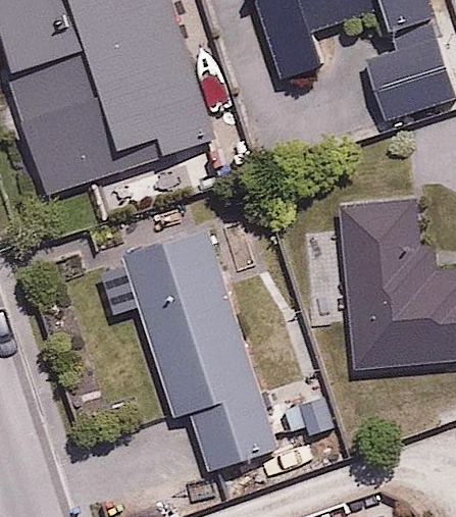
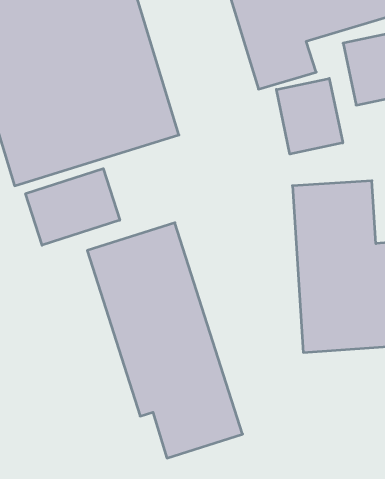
building: none -> [276,78,343,154]
building: none -> [26,169,120,245]

